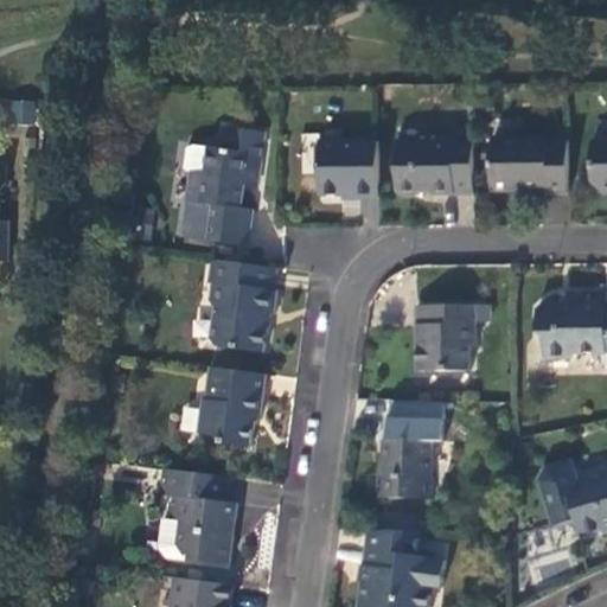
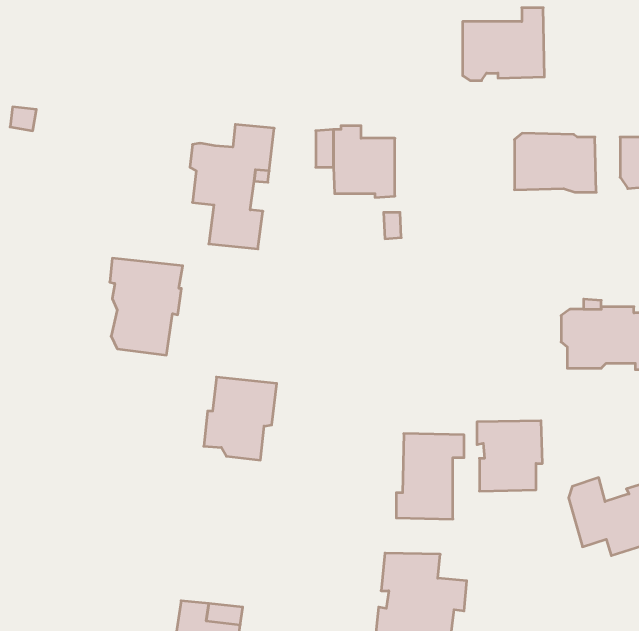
building: [394,127,471,196] -> [463,8,544,81]
building: [209,261,277,352] -> [110,258,183,355]
building: [411,306,473,372] -> [477,421,542,491]
building: [156,469,236,562] -> none

